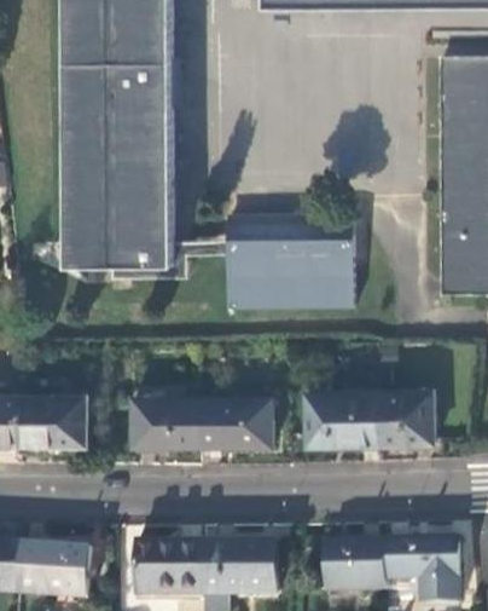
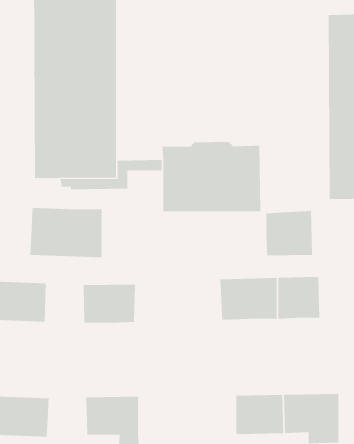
building: none -> [30,207,102,258]
building: none -> [266,210,313,256]
building: [196,398,268,446] -> none
building: [201,540,274,589] -> none

